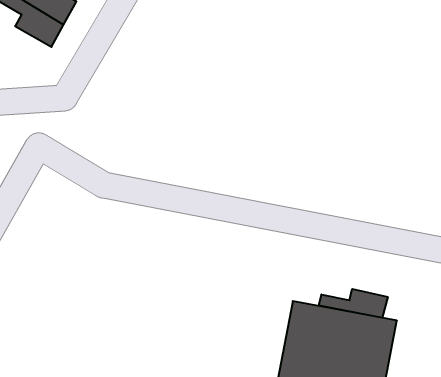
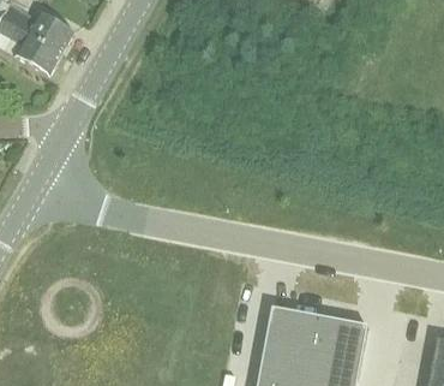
building: [319,289,388,318] -> none

